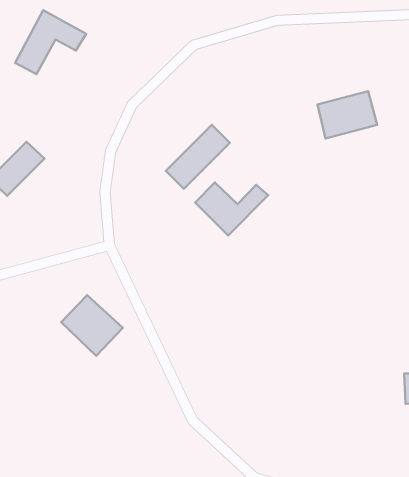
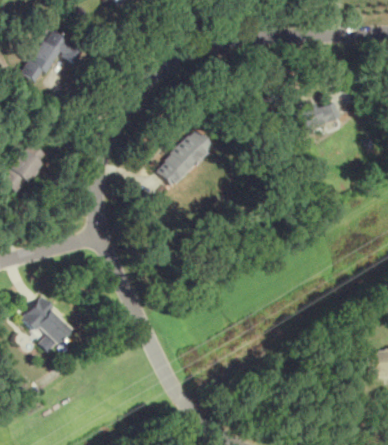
building: [195,183,268,236] -> none
building: [61,295,123,356] -> [19,296,74,350]

